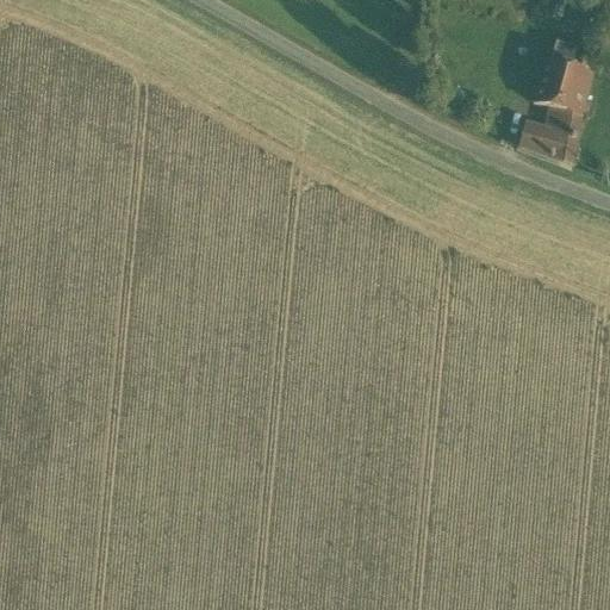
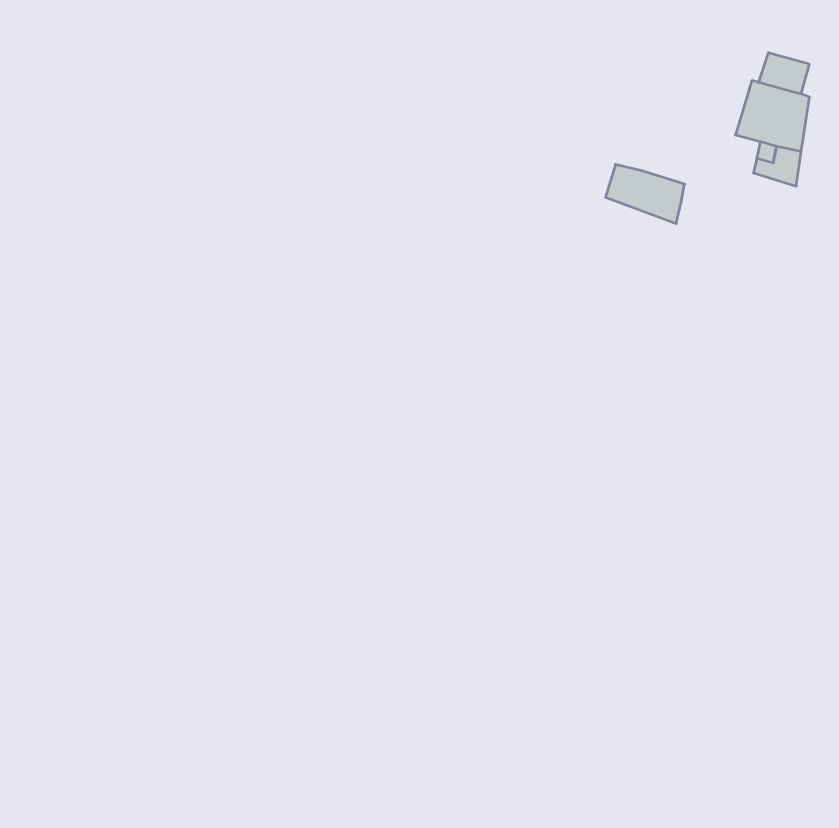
building: [521,120,578,163] -> [606,164,685,224]

